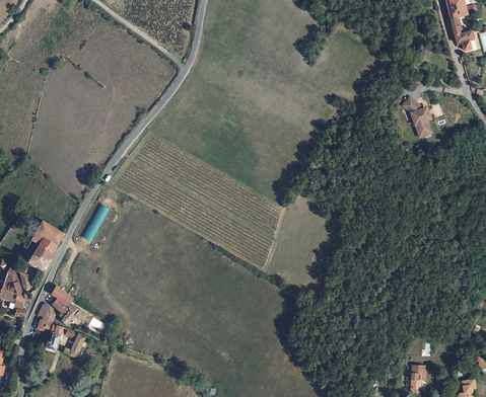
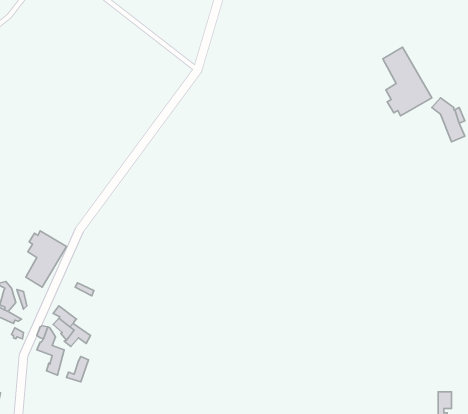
building: none -> [383,47,432,116]

